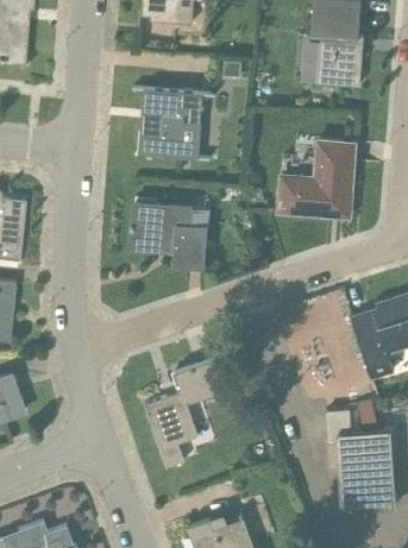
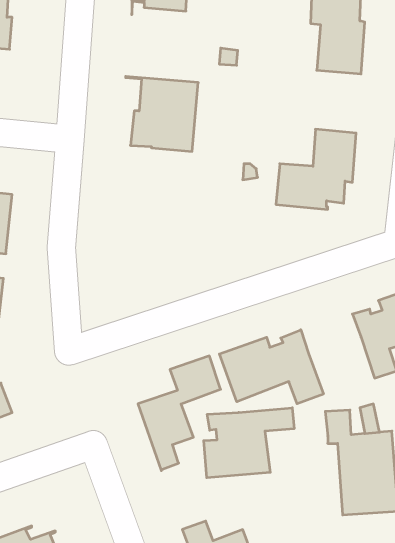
building: [131,203,208,269] -> none
building: none -> [219,330,323,404]
building: none -> [204,408,294,478]

